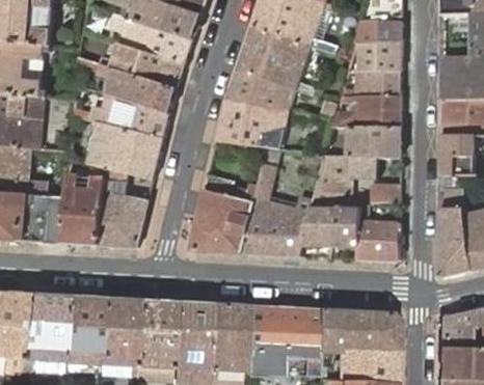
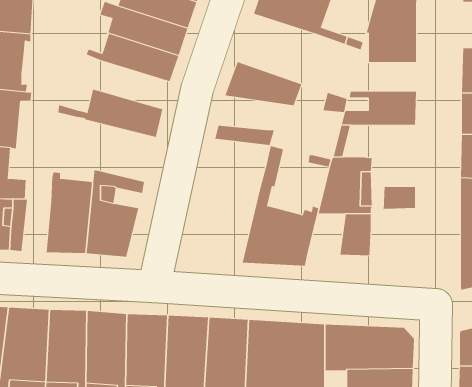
building: [237,25,314,93] -> none
building: [78,56,176,112] -> none
building: [341,70,401,95] -> none
building: [219,100,289,131] -> none
building: [86,120,163,178] -> none
building: [348,127,400,158] -> none
building: [189,173,257,252] -> none
building: [41,194,66,243] -> none
building: [357,203,399,260] -> none
building: [301,208,335,245] -> none

